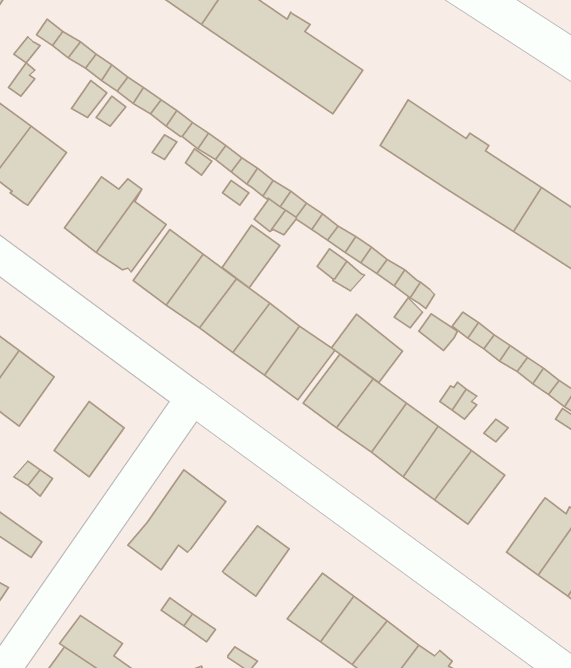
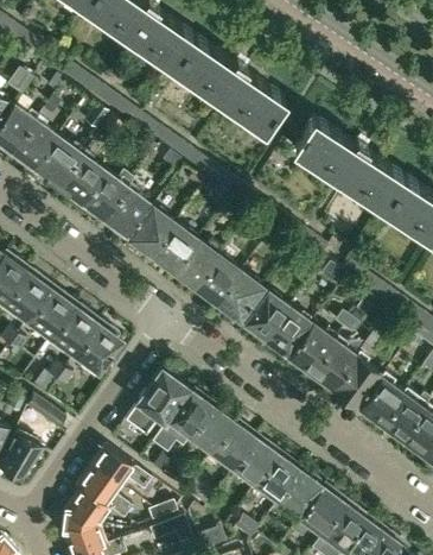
building: none -> [56,153,106,204]
building: [222,225,280,288] -> none
building: [331,314,403,383] -> none
building: none -> [50,305,97,355]
building: none -> [357,371,402,424]
building: none -> [152,390,211,453]
building: none -> [210,422,255,469]
building: none -> [91,446,152,490]

